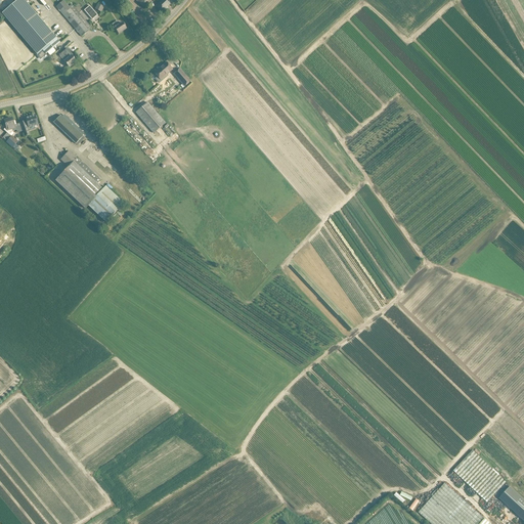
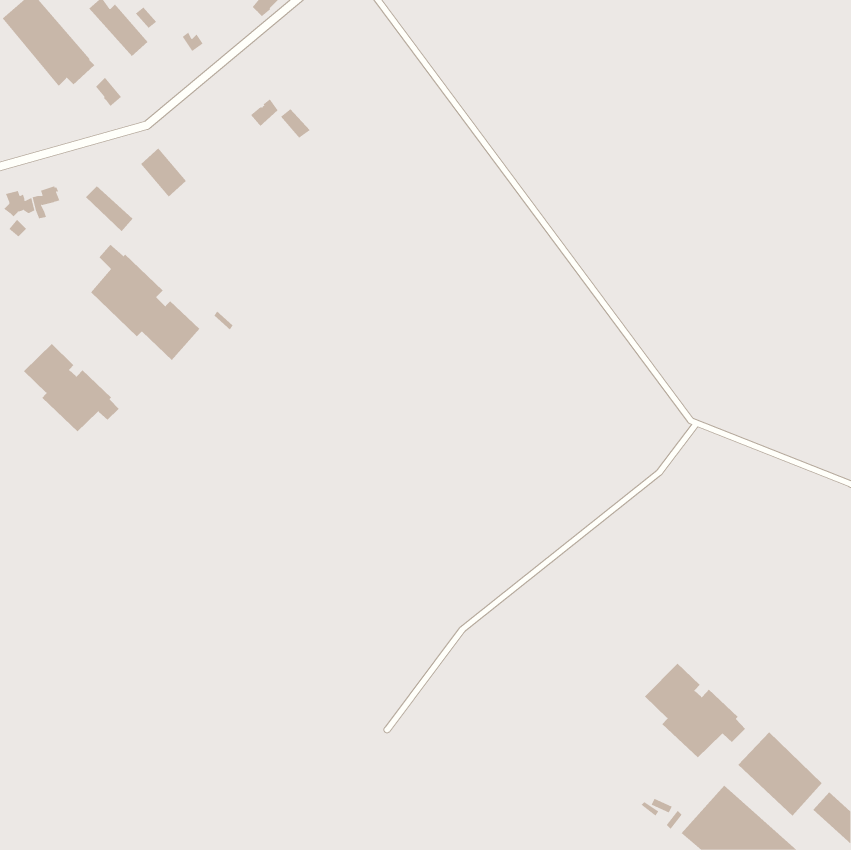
building: [135,100,164,131] -> [140,147,187,198]
building: none -> [23,343,119,432]
building: none -> [644,663,746,758]

